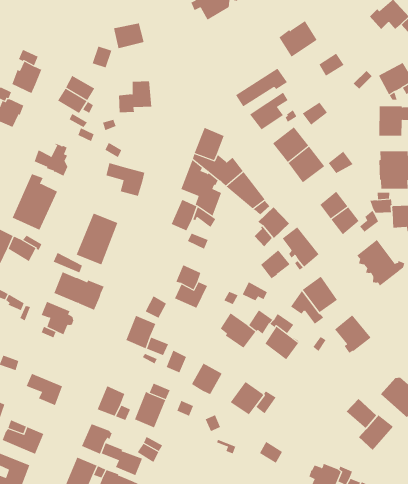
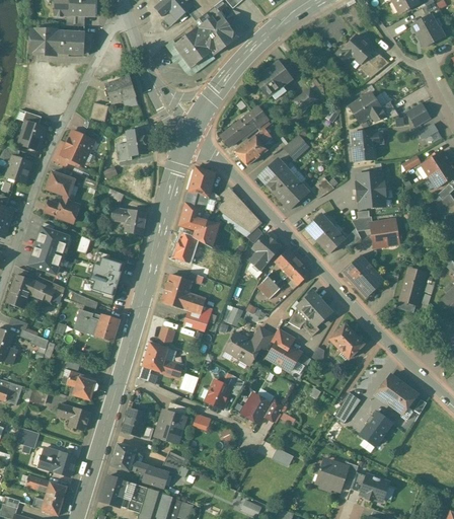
building: none -> [46,172,74,196]
building: none -> [162,275,192,309]
building: [41,301,74,335] -> [67,371,97,400]

